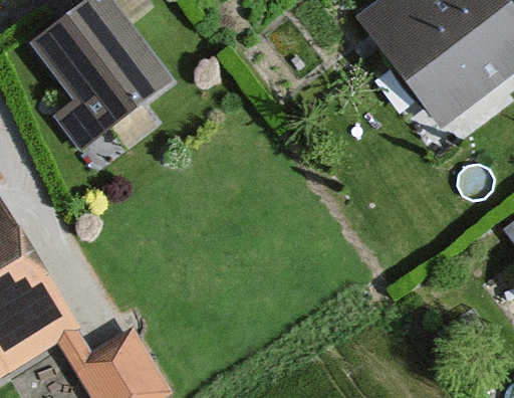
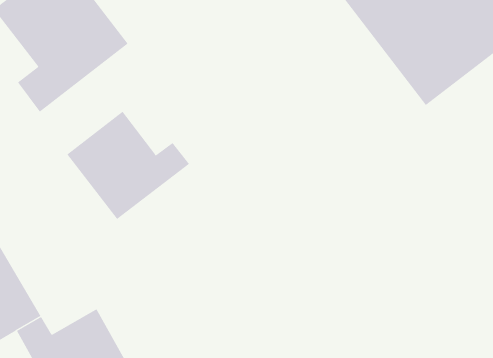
building: none -> [67,111,190,220]

